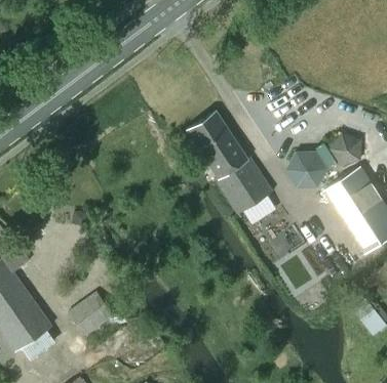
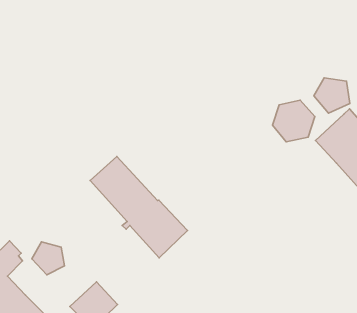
building: [188,112,272,213] -> [90,157,187,258]
building: none -> [32,242,65,275]

